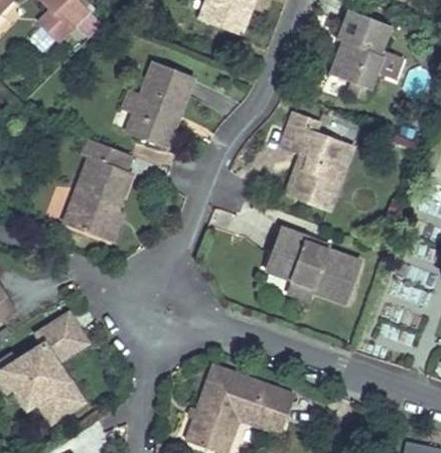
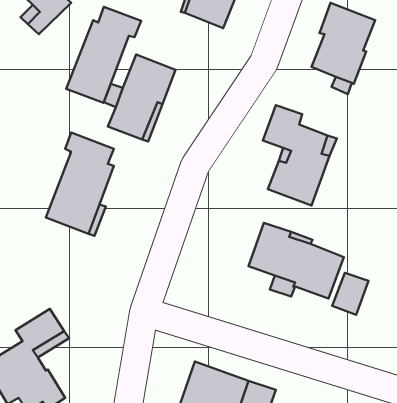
building: none -> [66,7,141,103]
building: none -> [332,273,368,315]

